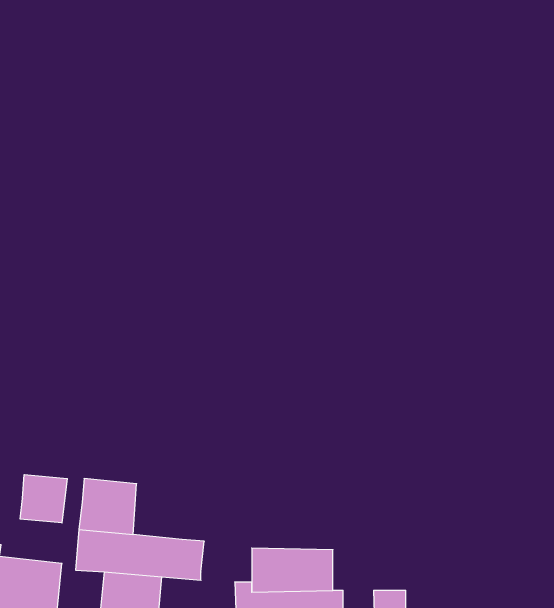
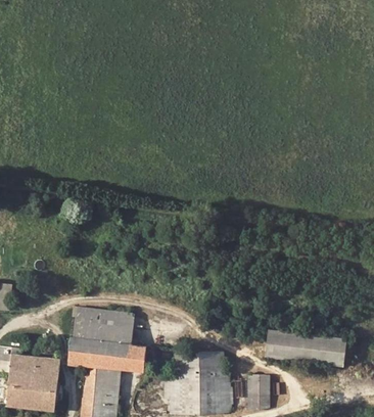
building: [20,475,67,523] -> none
building: none -> [103,311,135,344]
building: none -> [266,329,346,365]

